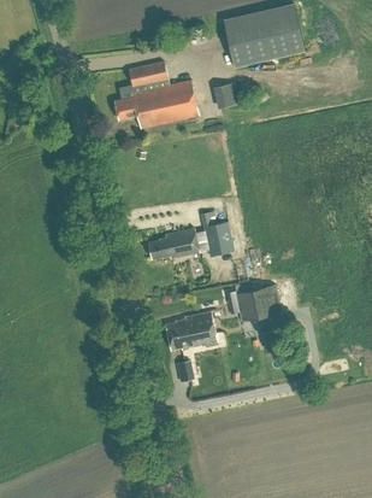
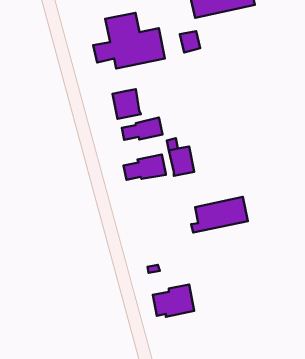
building: none -> [112,89,141,119]
building: none -> [122,118,163,140]
building: [165,312,214,351] -> [153,285,194,317]

